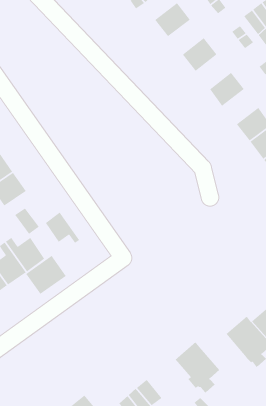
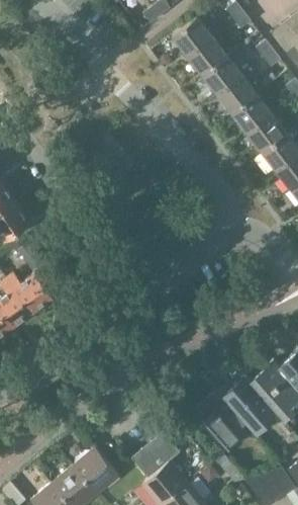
building: none -> [187,35,226,74]
building: none -> [217,74,257,112]
building: none -> [246,112,287,151]
building: [45,211,80,244] -> none
building: [25,255,67,295] -> none
building: none -> [222,376,273,436]

